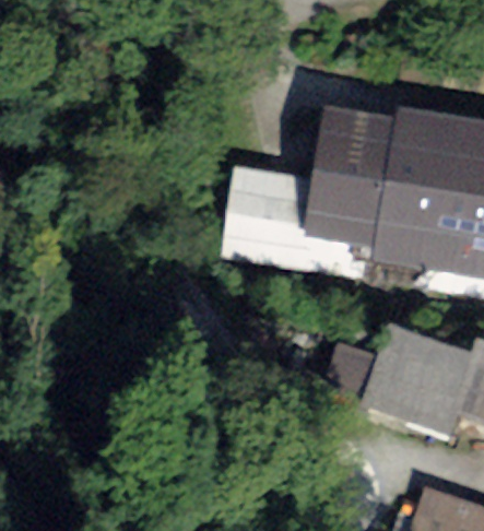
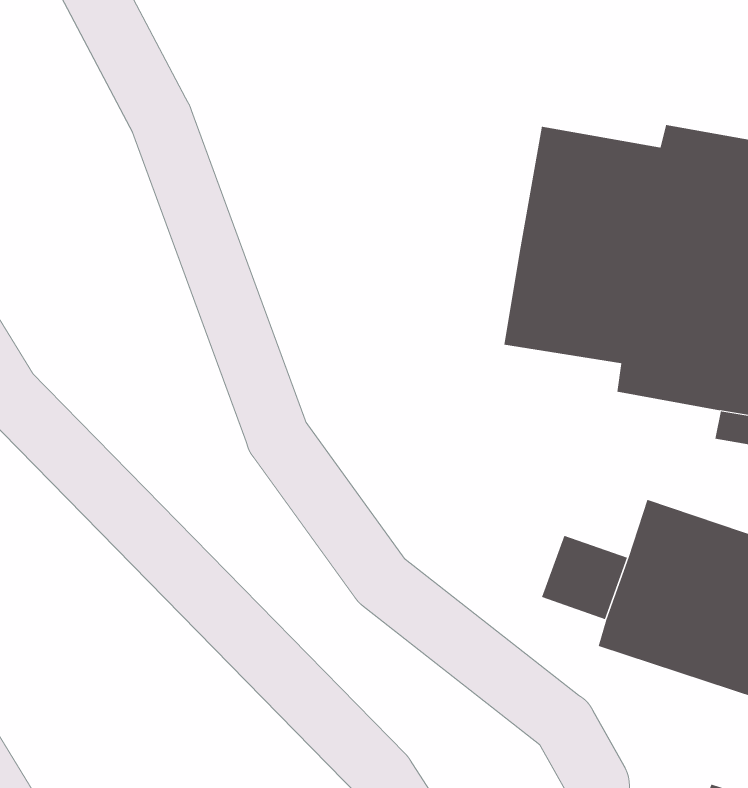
building: [221,166,371,282] -> none

